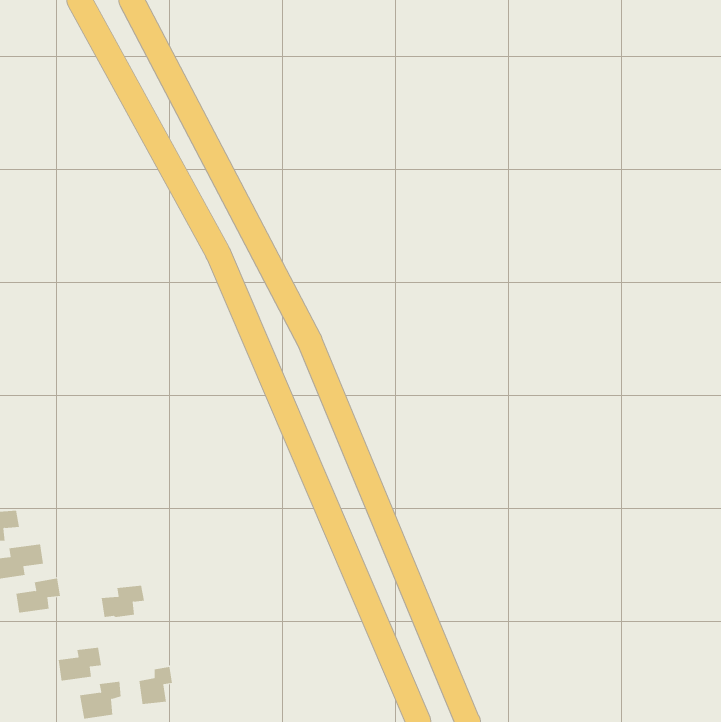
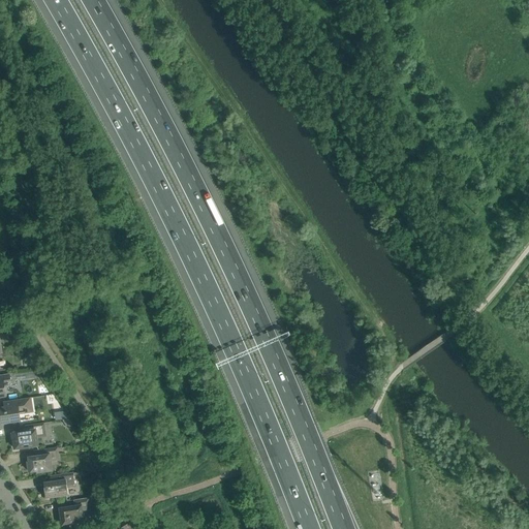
building: [101,585,145,618] -> [26,448,58,472]
building: [139,666,172,705] -> none

